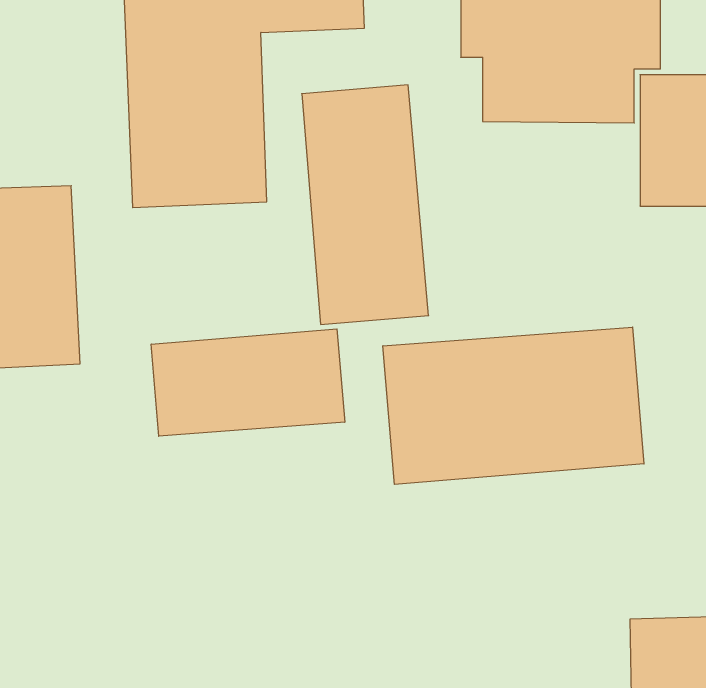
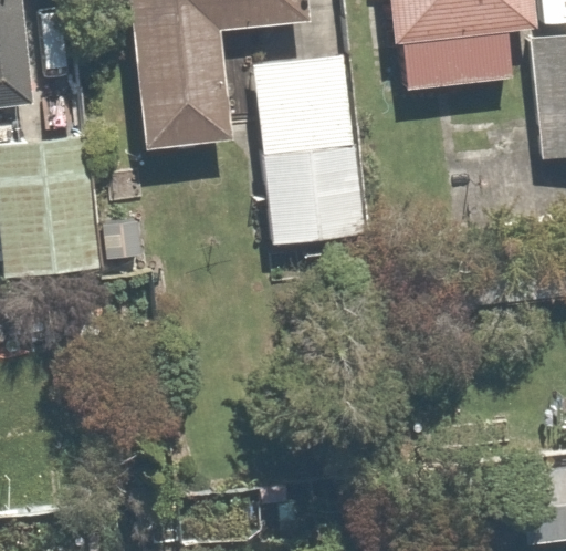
building: [383,327,644,484] -> none
building: [151,329,345,436] -> none

